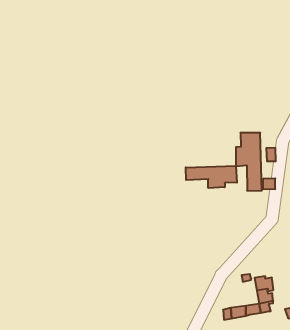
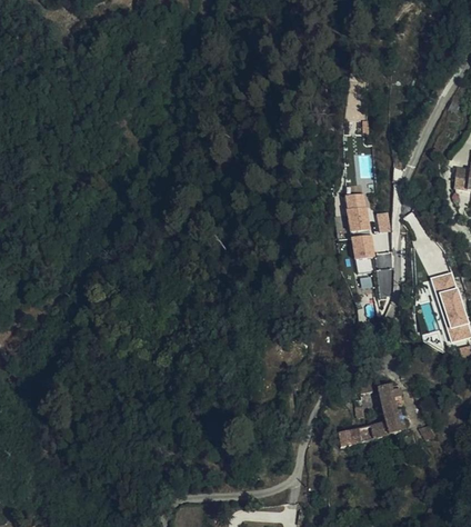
building: [186,166,237,188] -> none
building: none -> [377,267,395,295]

